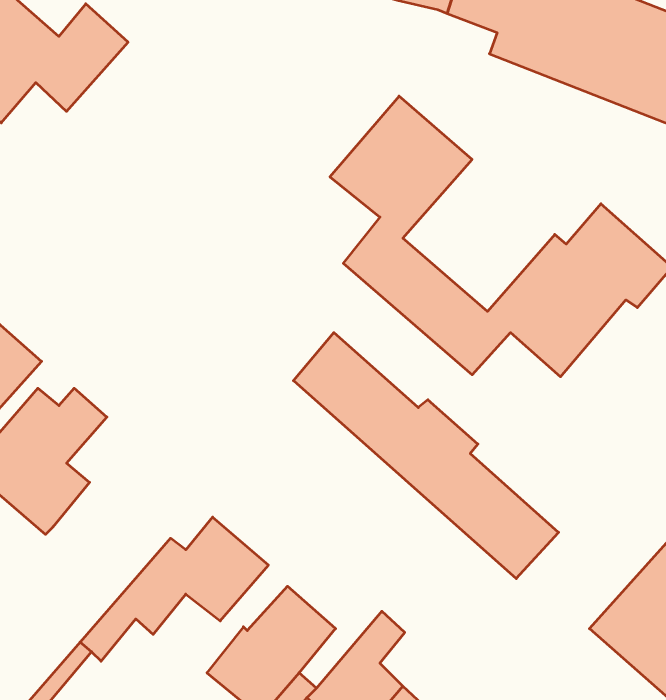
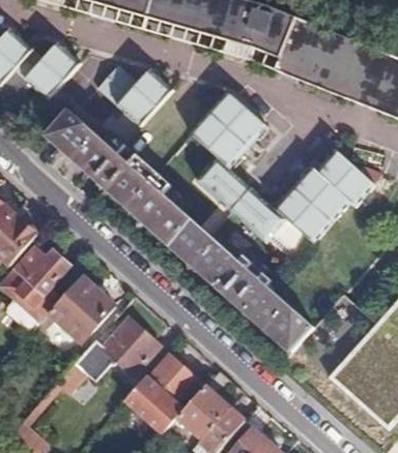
building: none -> [98,64,174,126]
building: none -> [49,111,193,244]
building: none -> [41,275,118,344]

